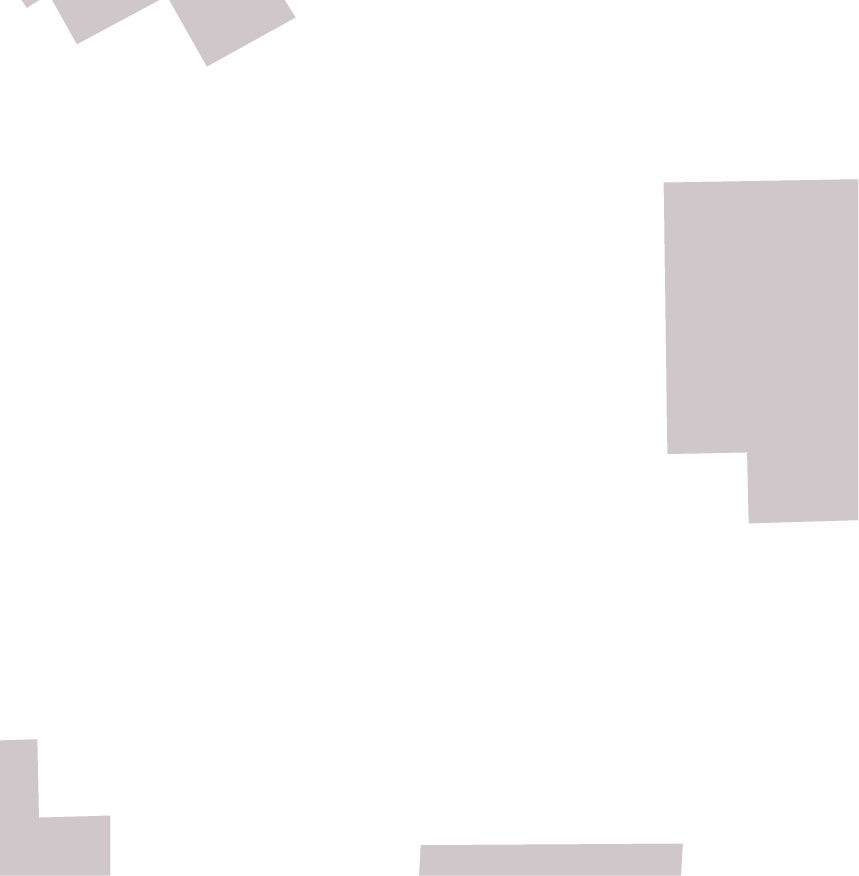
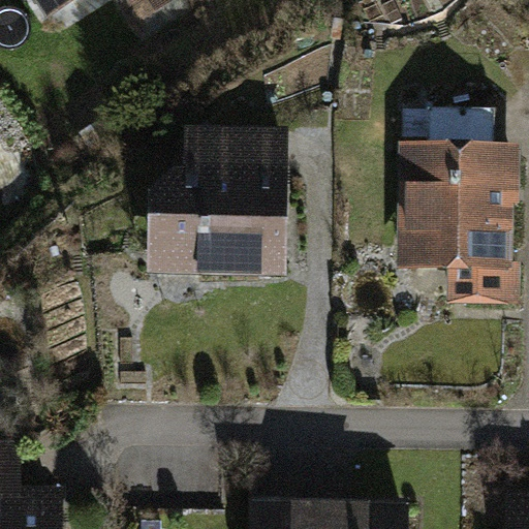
building: none -> [158,131,284,276]

